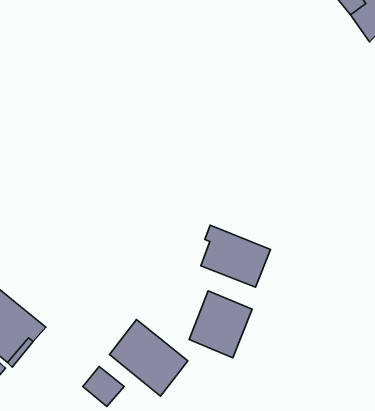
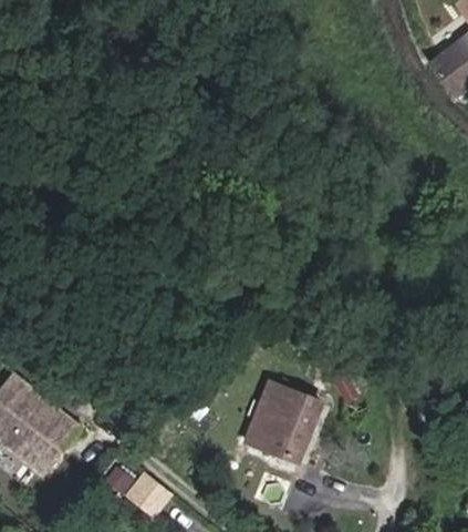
building: [201,225,270,287] -> none
building: [109,319,188,396] -> none

